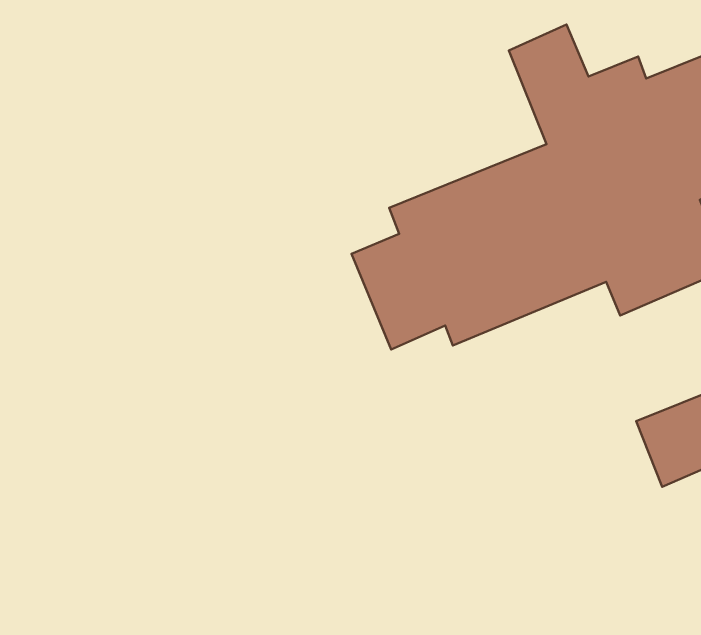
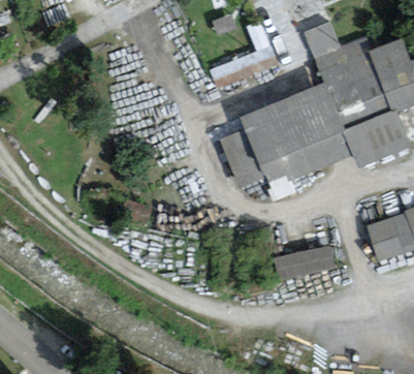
building: none -> [213,44,283,94]
building: none -> [274,246,337,281]

